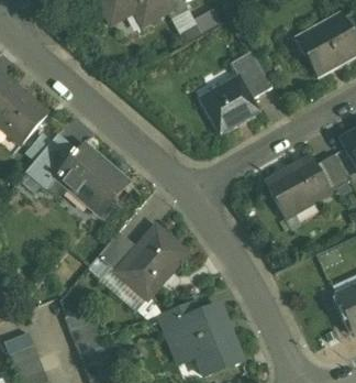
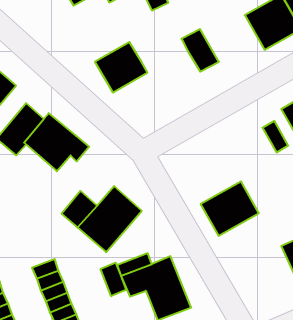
building: [199,76,257,132] -> [95,42,147,92]
building: [265,156,330,217] -> [201,181,259,236]
building: none -> [101,263,126,296]

